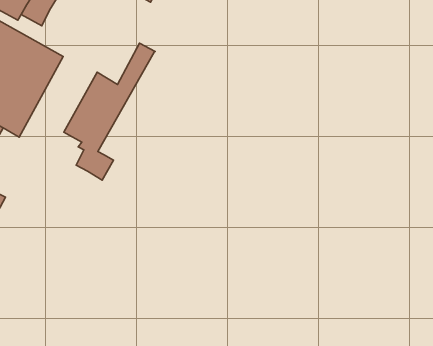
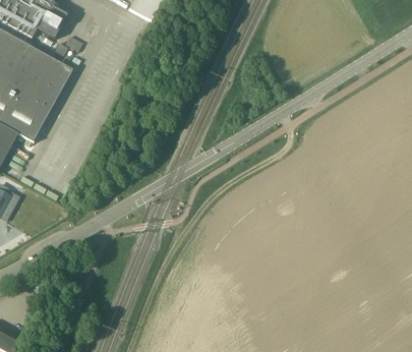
building: [64,43,155,180] -> none

